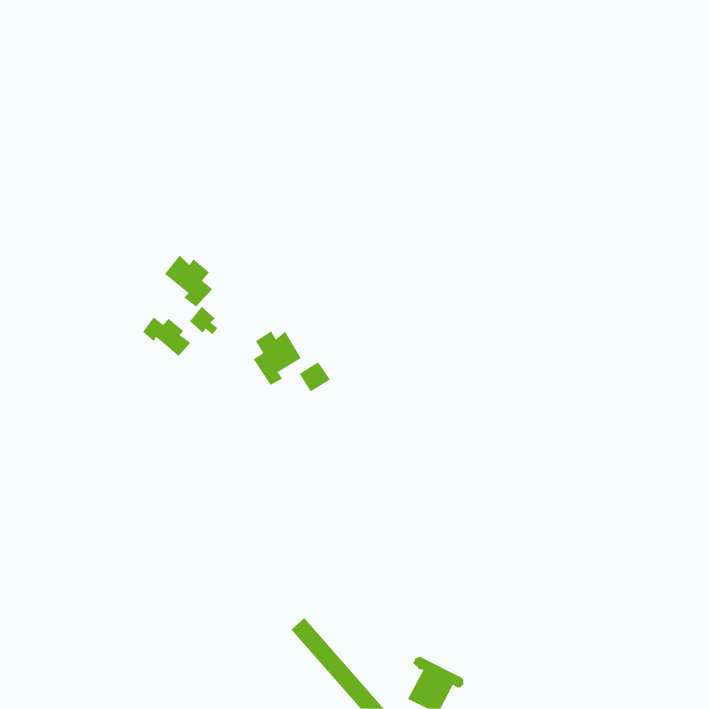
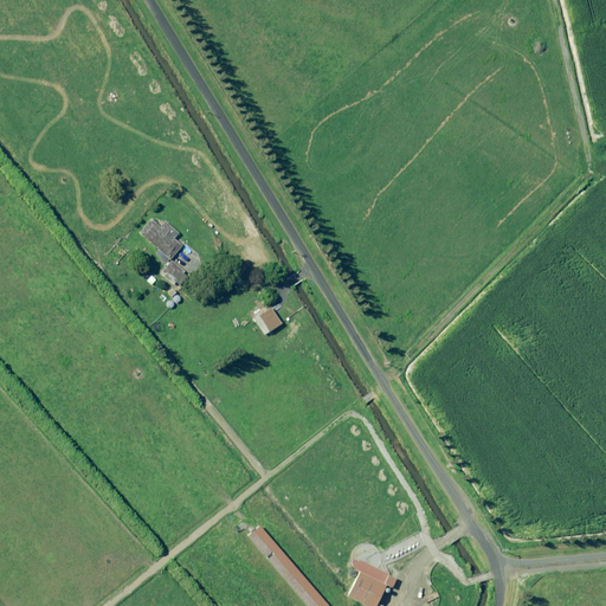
building: [142,317,191,357] -> none
building: [253,331,302,385] -> none

